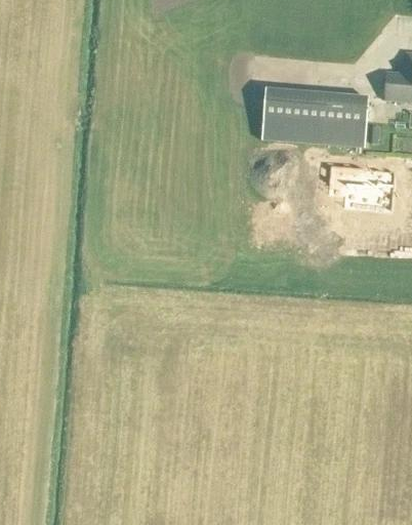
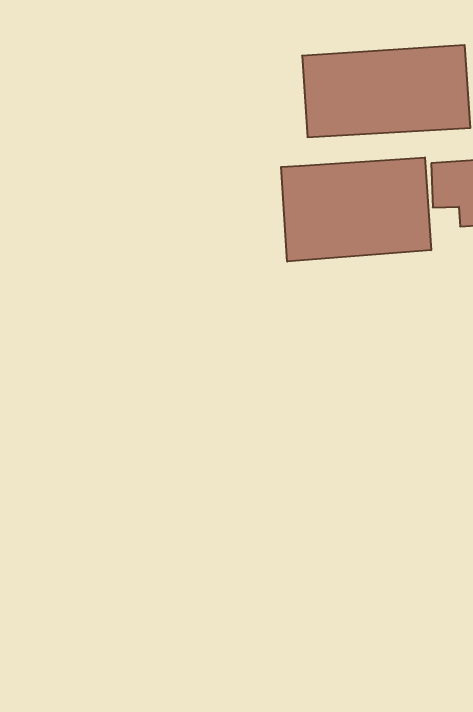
building: none -> [281,157,431,262]

